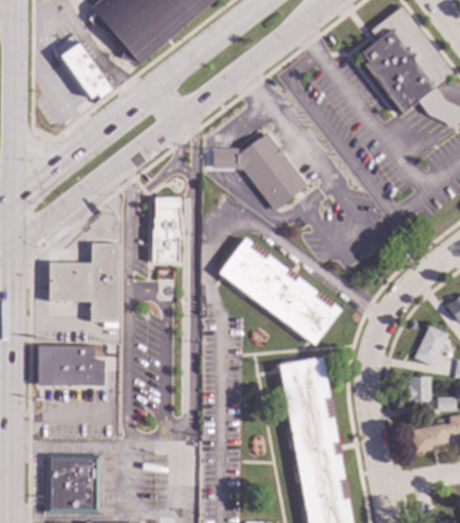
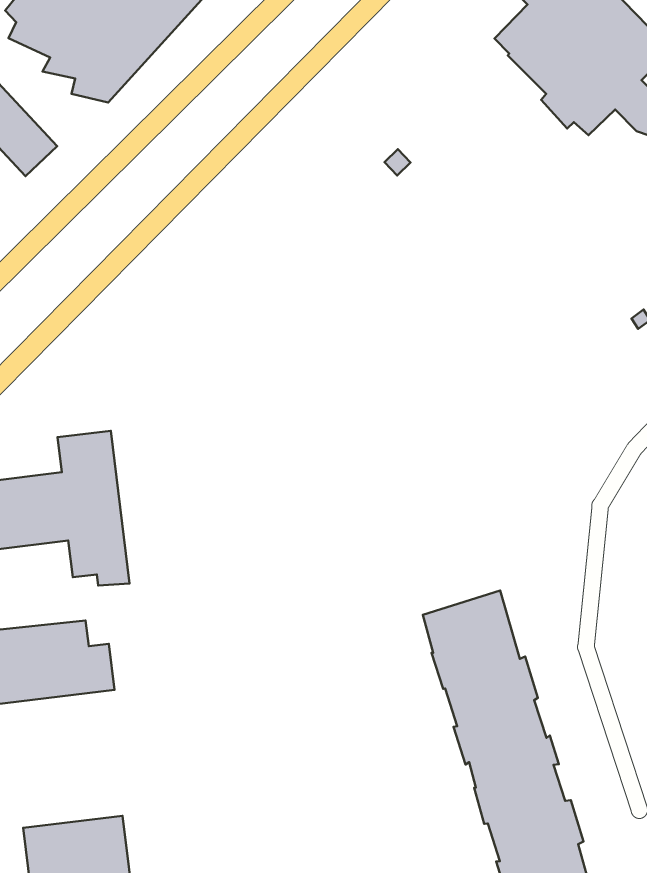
building: [213,131,308,210] -> none
building: [151,199,181,263] -> none
building: [219,237,341,345] -> none

